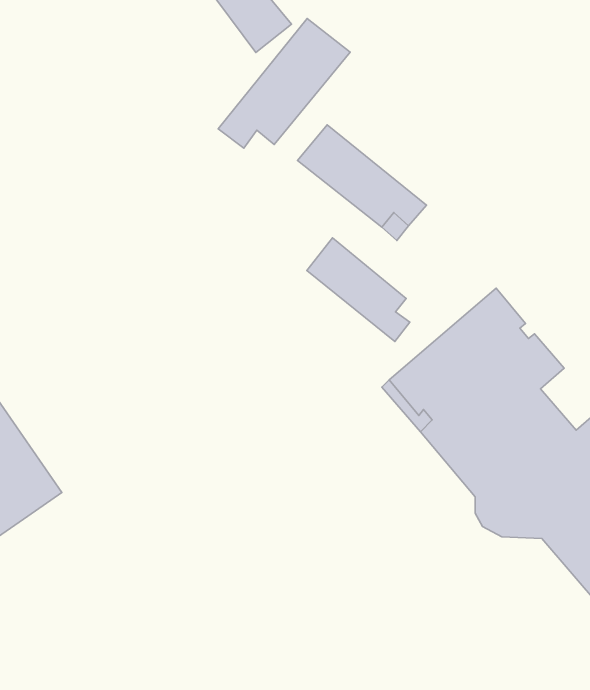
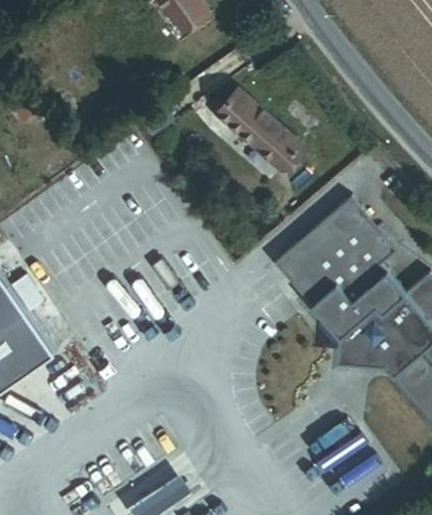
building: [218,18,350,148] -> none
building: [307,238,410,342] -> none

